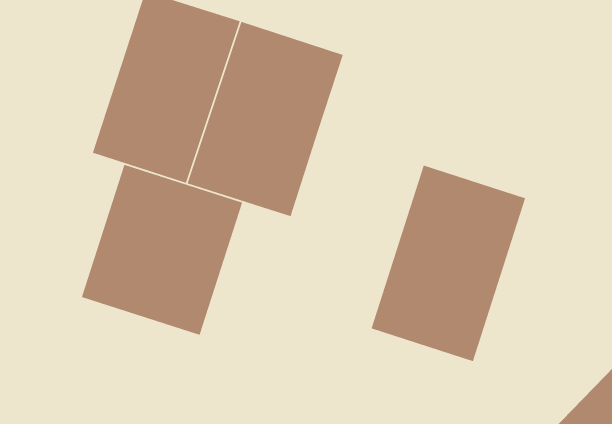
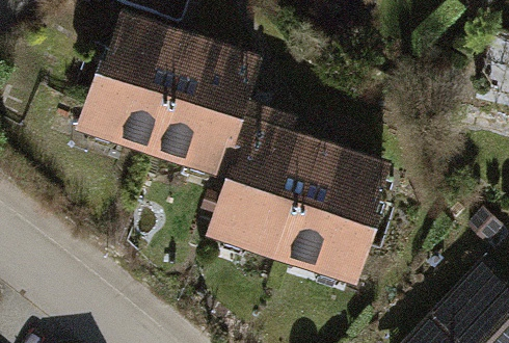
building: none -> [203,114,320,262]
building: [81,164,243,336] -> none

